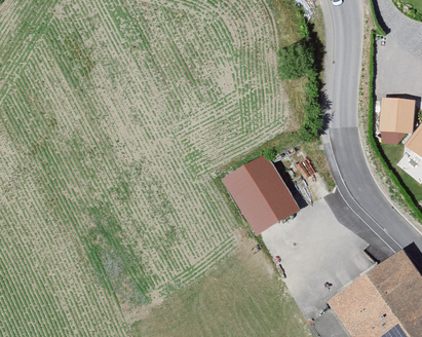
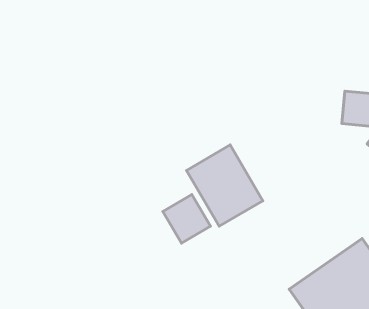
building: none -> [163,195,210,243]

